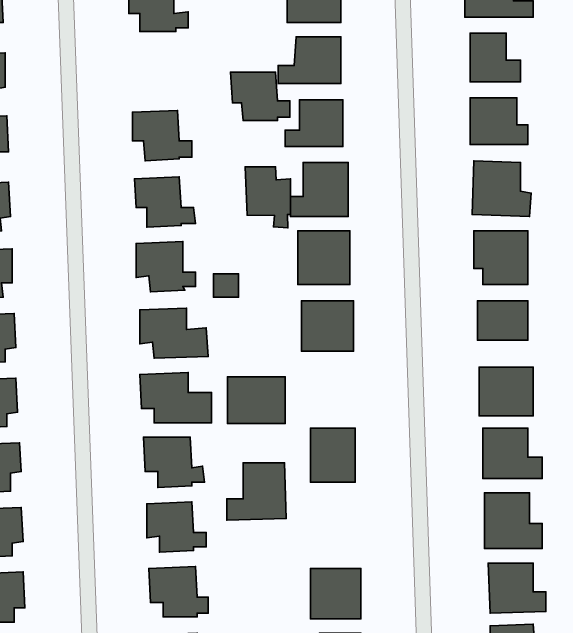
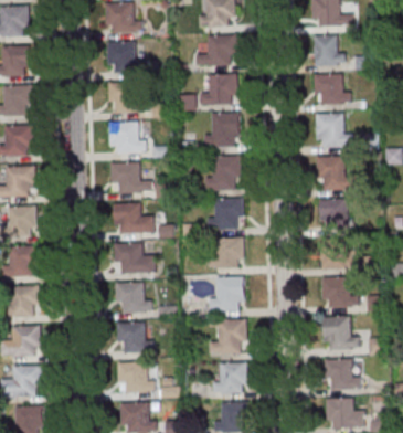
building: [231,72,290,121] -> [106,43,142,73]
building: [245,167,291,228] -> none
building: [228,377,285,424] -> [209,237,244,266]
building: [227,463,286,520] -> [210,320,246,356]

